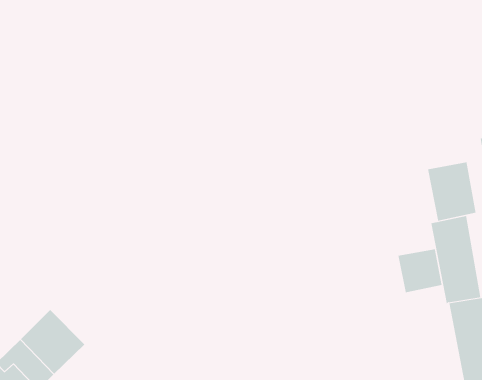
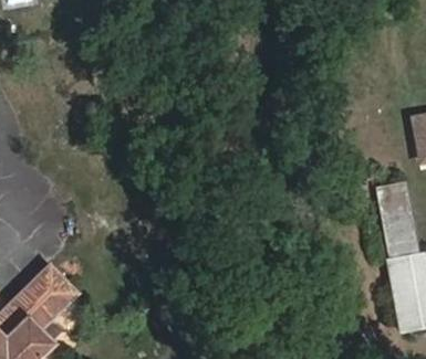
building: [427,161,476,222] -> none
building: [398,248,442,293] -> none

